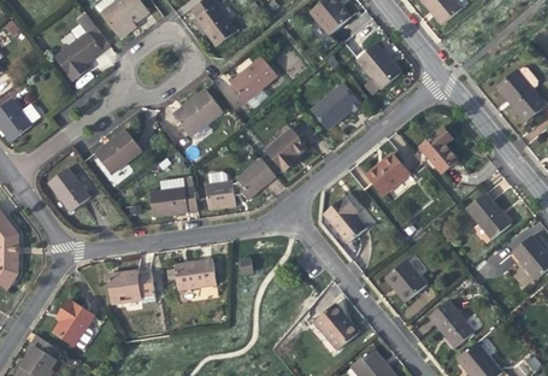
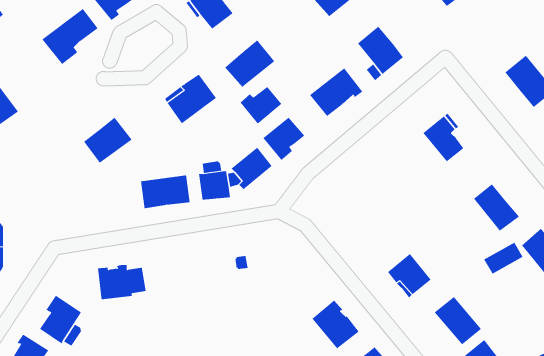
building: none -> [240,86,282,125]
building: [365,152,409,195] -> none
building: [46,168,89,212] -> none
building: [323,195,365,242] -> none
building: [173,259,216,290] -> none

